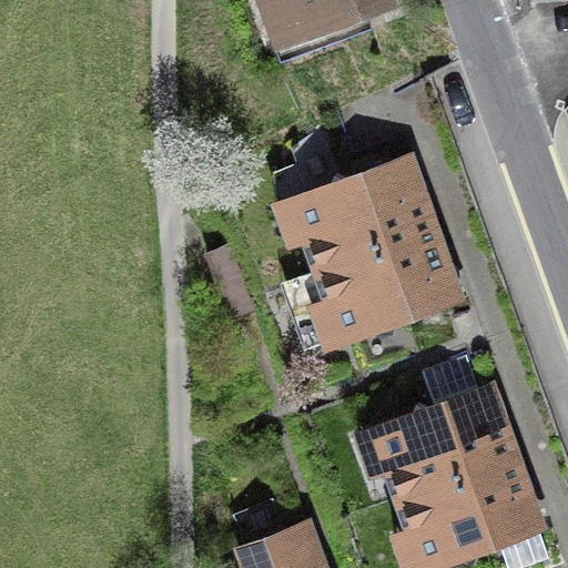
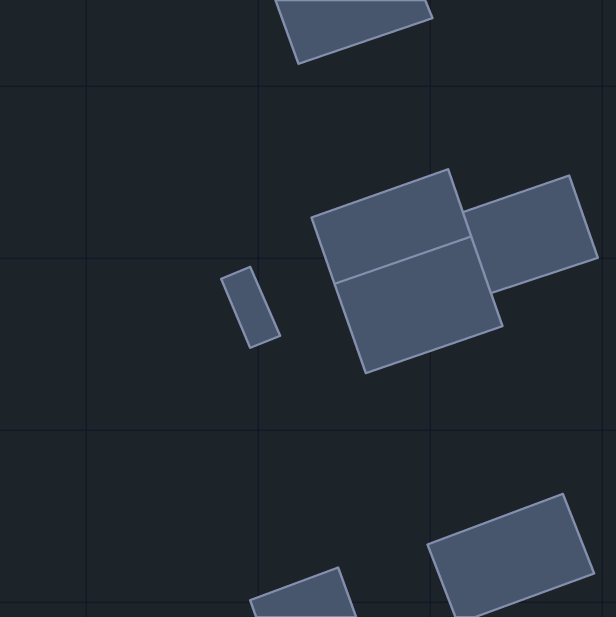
building: none -> [463,175,598,293]
building: [367,383,518,500] -> none

